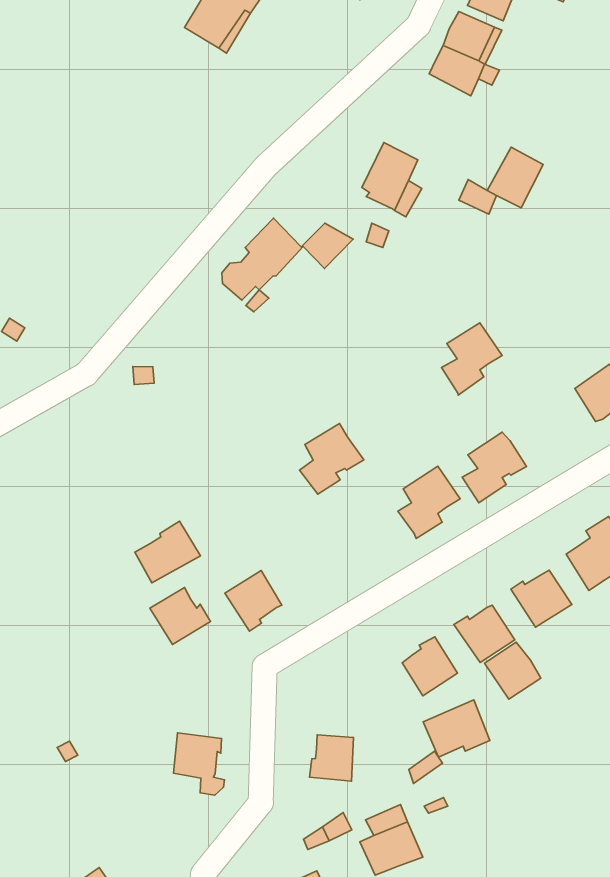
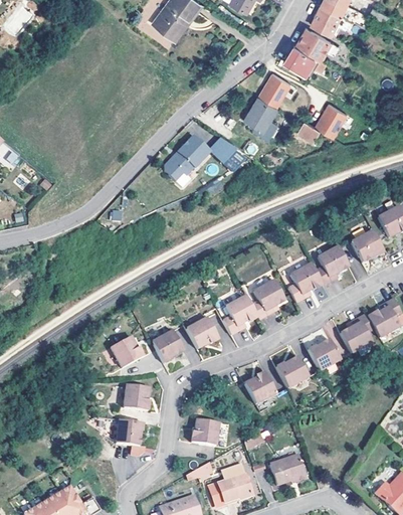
building: none -> [259,72,291,107]
building: [441,323,502,395] -> [317,243,351,283]
building: [300,424,364,494] -> [223,293,259,331]
building: [135,521,200,583] -> none
building: none -> [187,315,220,347]
building: [484,642,541,699] -> none
building: none -> [125,379,152,407]
building: [423,700,490,757] -> [267,454,304,484]

